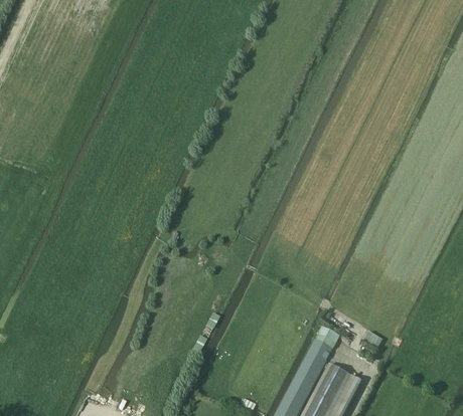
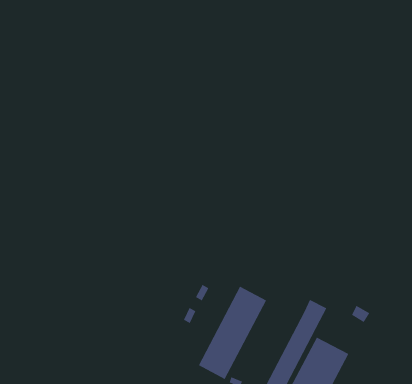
building: none -> [198,286,267,380]

